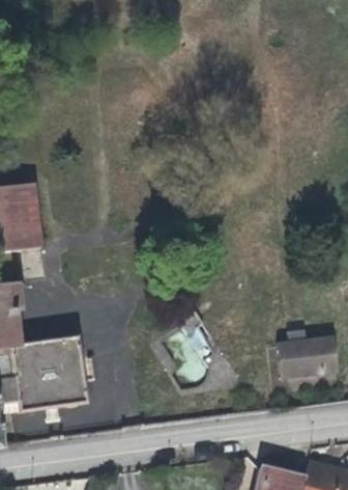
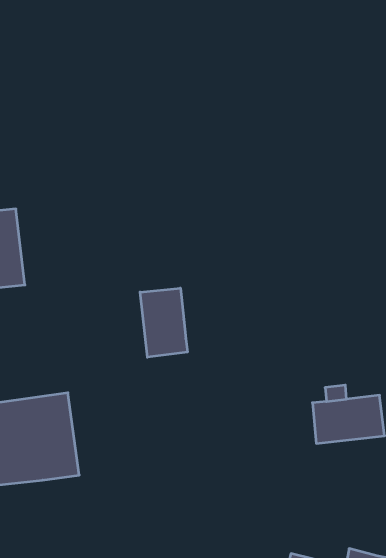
building: none -> [140,288,187,357]

